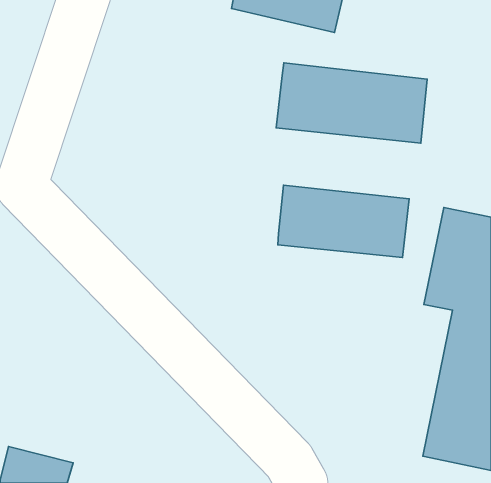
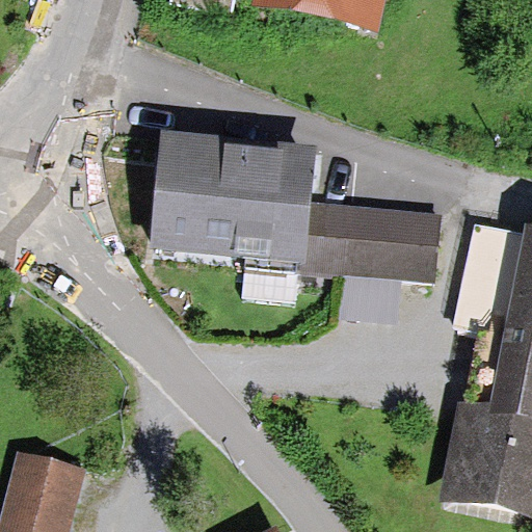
building: [276,63,427,143] -> none
building: none -> [159,147,311,252]

